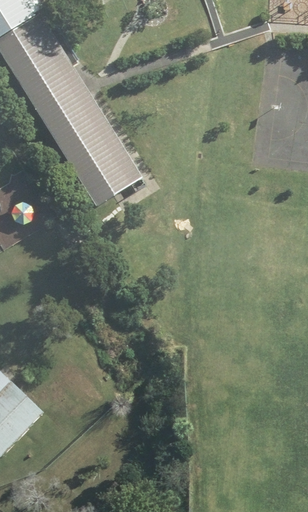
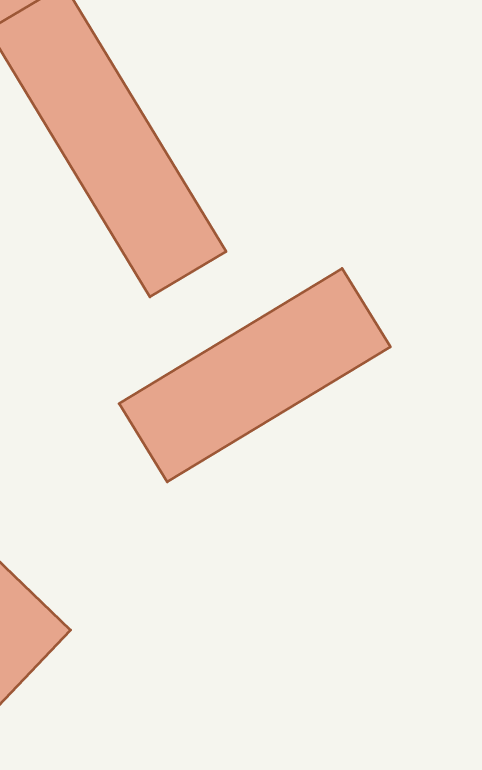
building: none -> [119,268,390,482]

